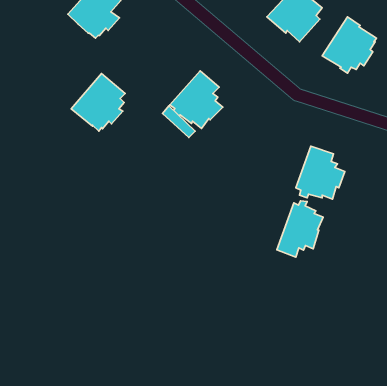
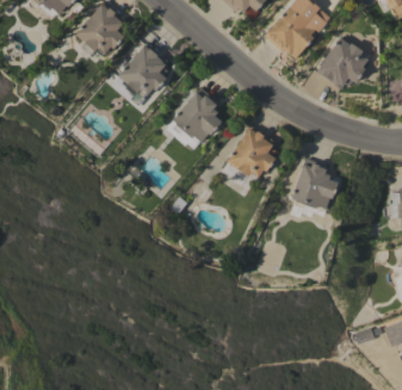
building: [71,73,125,131] -> [117,43,168,98]
building: none -> [227,125,274,179]
building: [277,201,323,257] -> none

